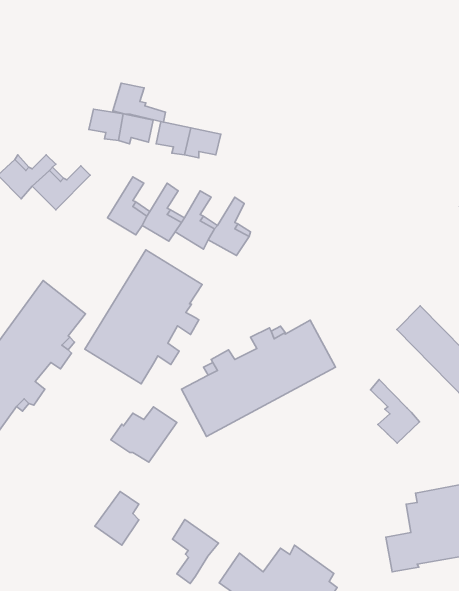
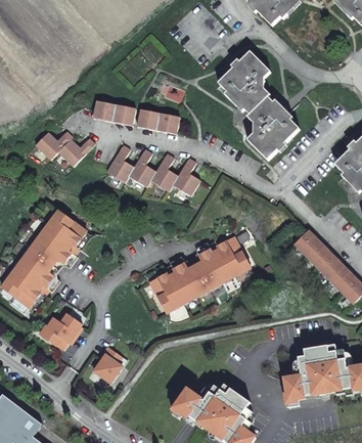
building: none -> [217,50,299,160]
building: [113,83,165,122] -> none
building: [85,250,202,384] -> none
building: [370,380,420,443] -> none
building: [111,407,177,462] -> [43,314,86,350]
building: [172,519,219,583] -> none

